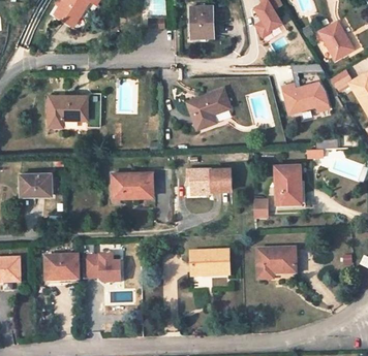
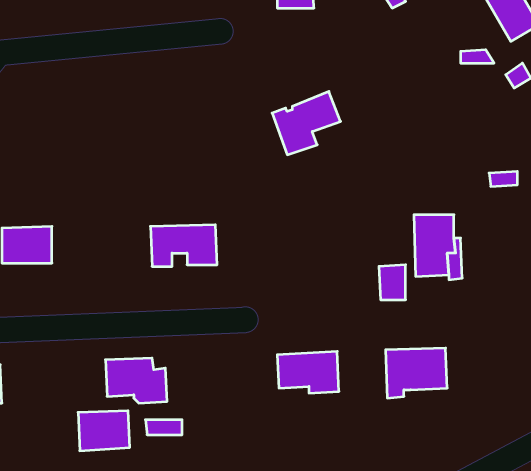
building: [281,83,329,114] -> none
building: [49,92,100,126] -> none
building: [187,167,232,192] -> none
building: [45,256,78,281] -> [78,411,130,451]

